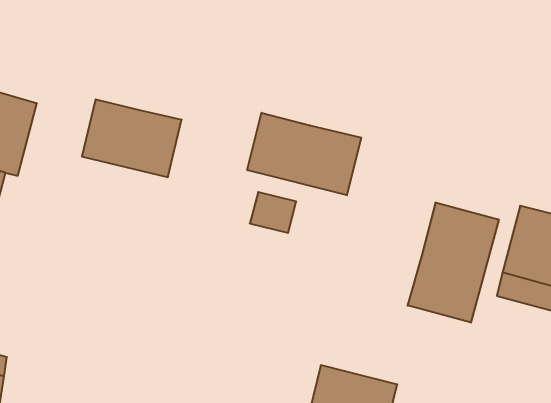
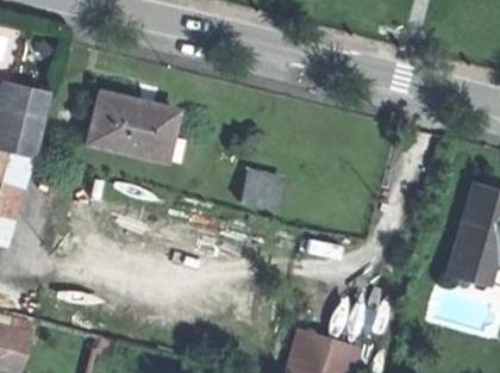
building: [247,113,361,195] -> none
building: [408,202,499,323] -> none

